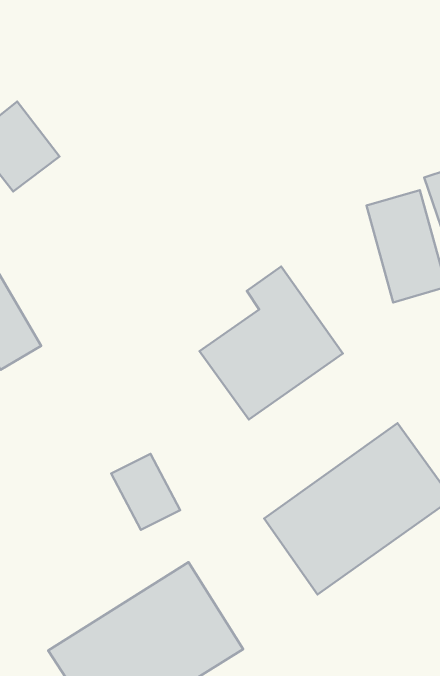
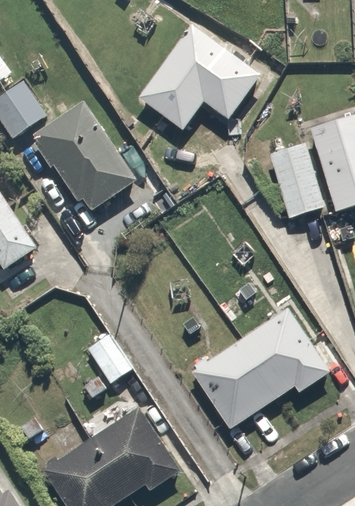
building: none -> [142,22,262,132]
building: none -> [28,102,135,220]
building: [199,266,343,420] -> none

